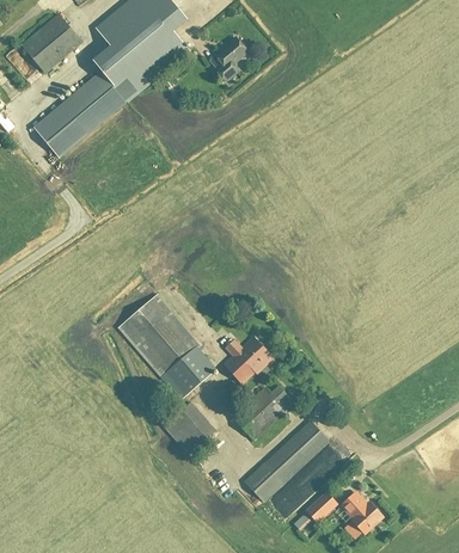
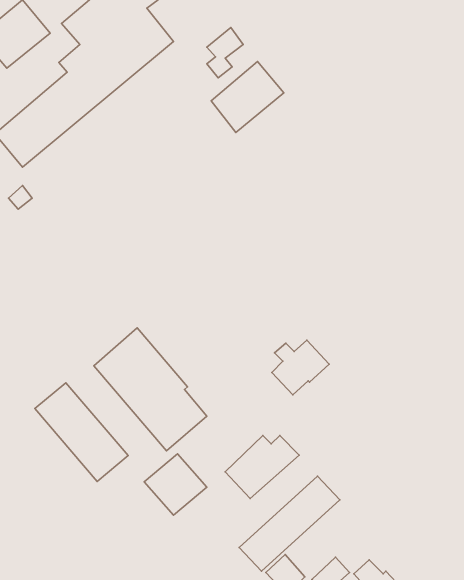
building: none -> [211,61,284,132]
building: [224,336,273,382] -> [272,340,329,395]
building: none -> [35,383,128,481]
building: [287,454,333,499] -> none

